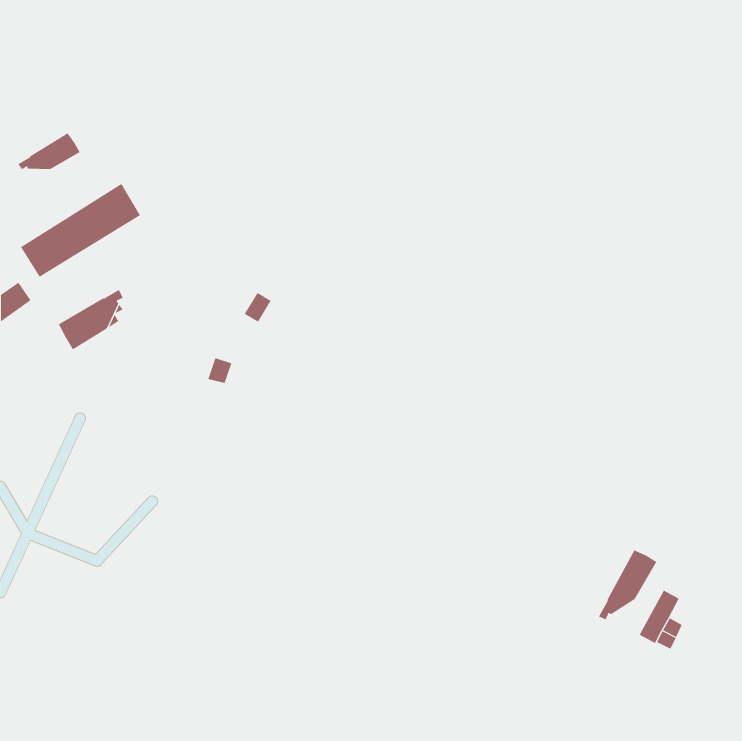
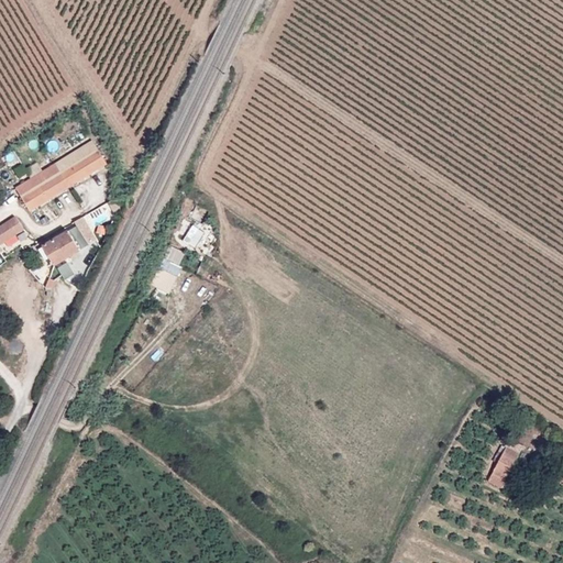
building: [17,132,81,170] -> none
building: [598,550,657,620] -> none

